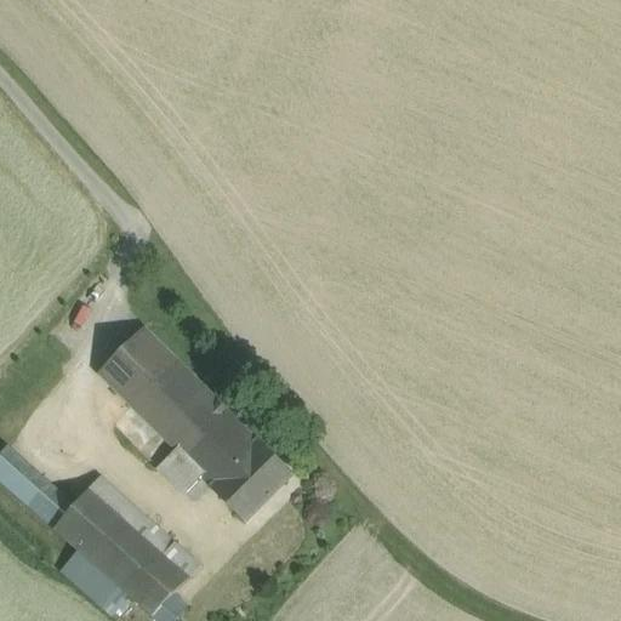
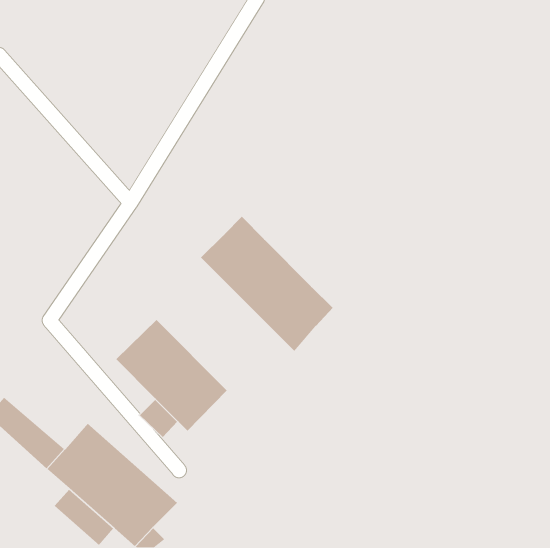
building: none -> [200,216,333,352]
building: [98,326,176,404] -> none
building: [210,438,292,522] -> none

